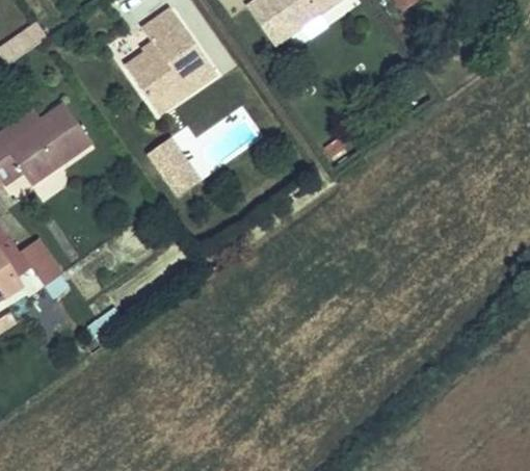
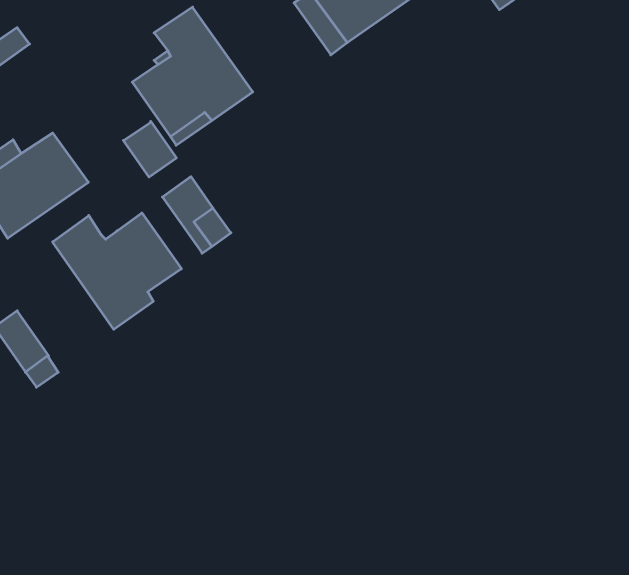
building: none -> [123,121,176,177]
building: none -> [53,213,181,329]

